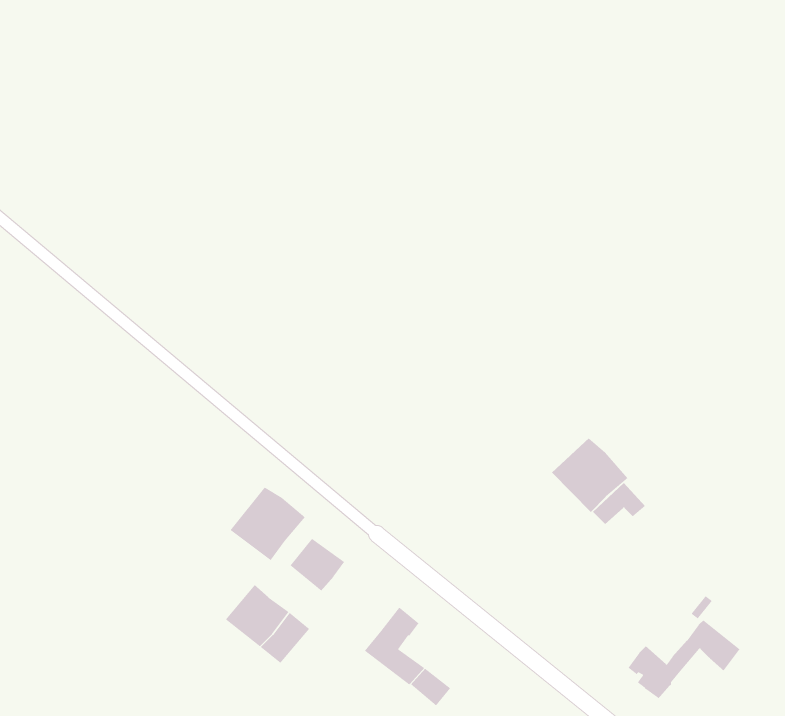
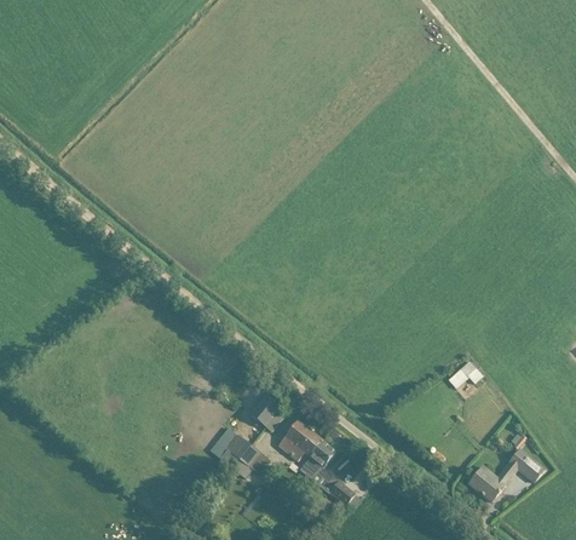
building: [551,437,628,513] -> none
building: [229,486,306,561] -> none
building: none -> [278,420,322,459]

